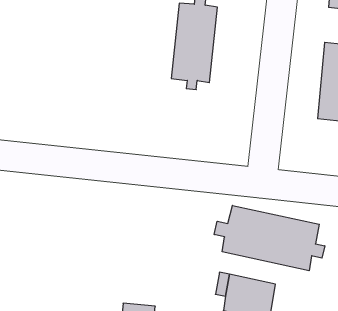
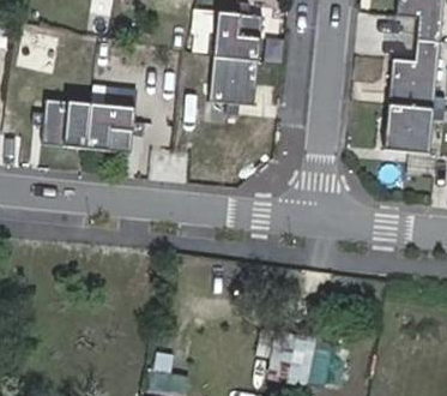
building: none -> [34,98,146,152]
building: [214,205,325,271] -> none

